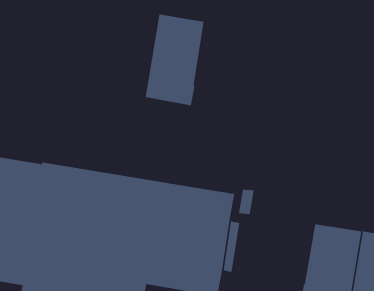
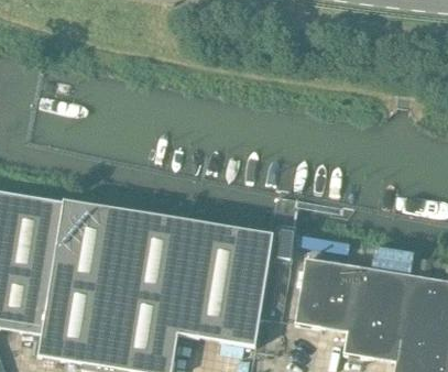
building: [145,13,204,106] -> none
building: none -> [295,258,359,331]

